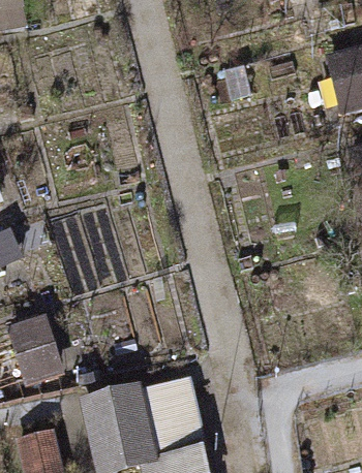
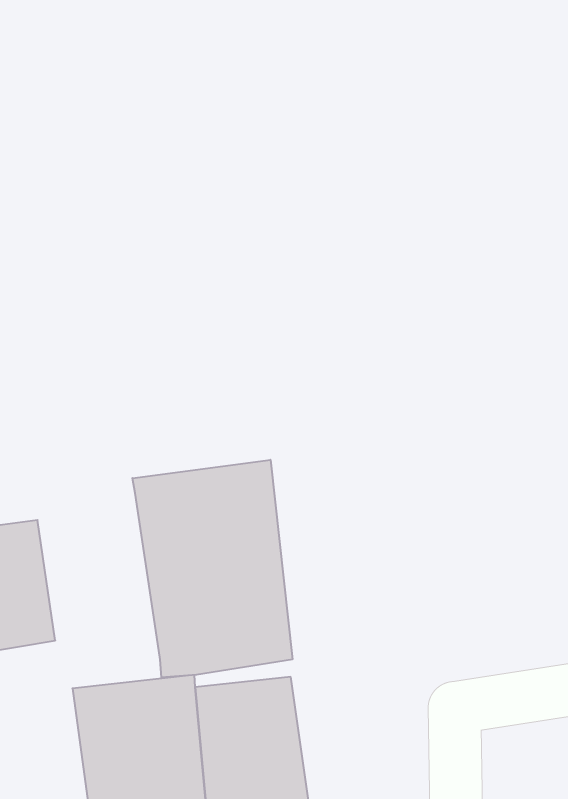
building: none -> [132,460,292,678]

